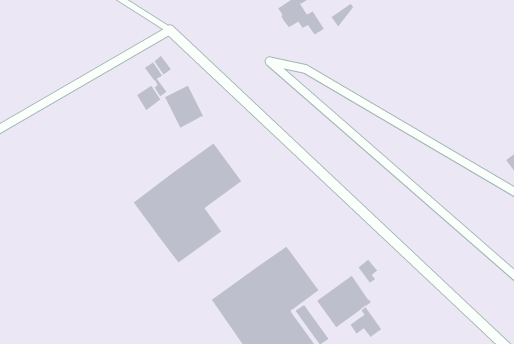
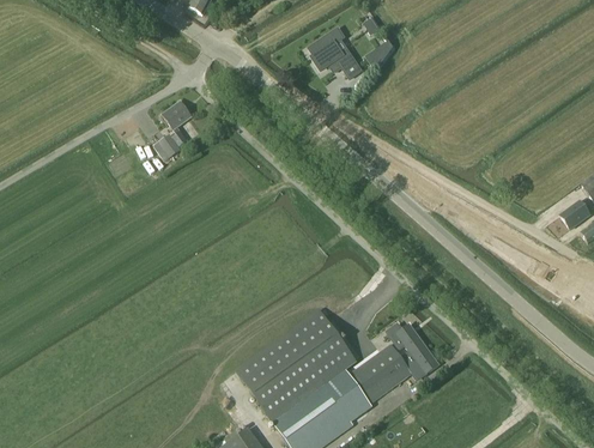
building: [164,85,204,128] -> none
building: [133,143,242,263] -> none
building: [349,306,382,338] -> [402,338,438,373]

